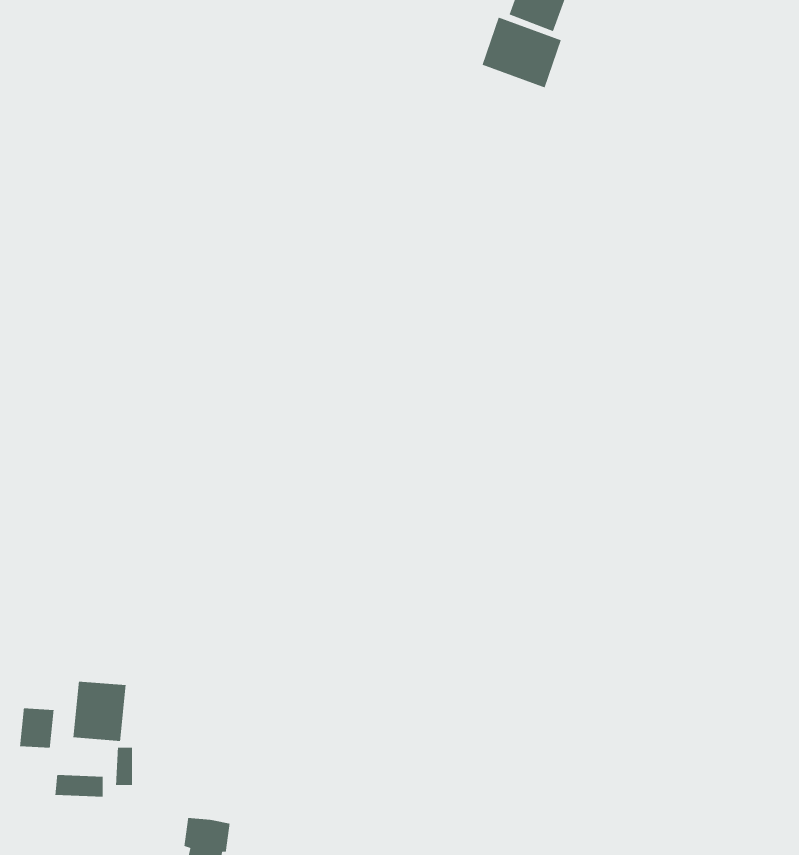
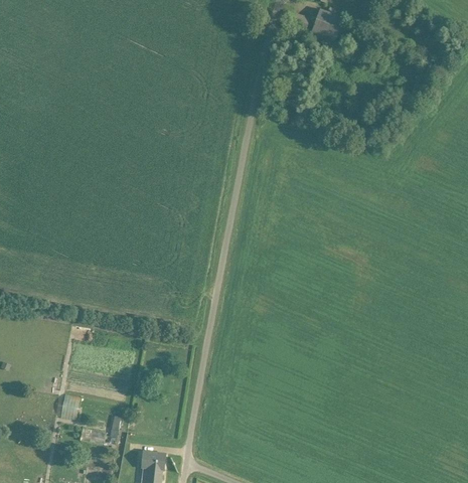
building: [482,16,562,89] -> none
building: [73,681,126,742] -> none

